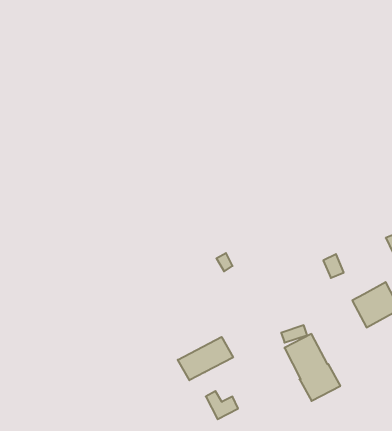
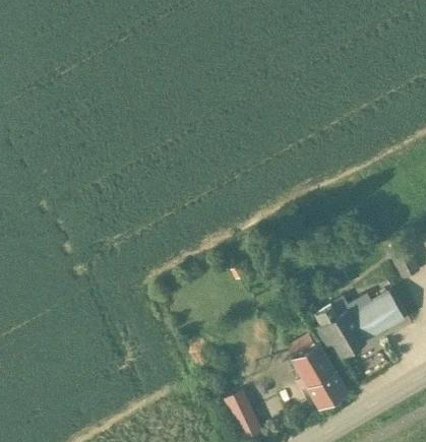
building: none -> [313,300,372,357]
building: [178,337,233,380] -> none

